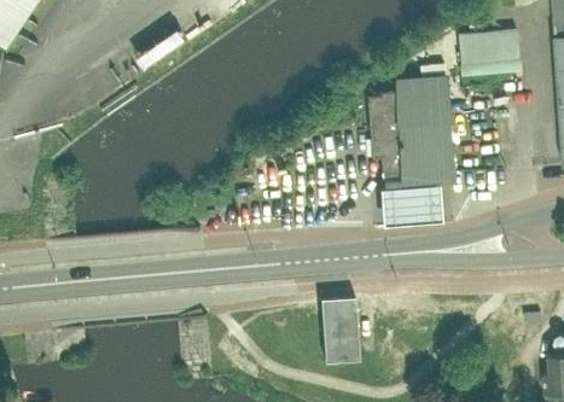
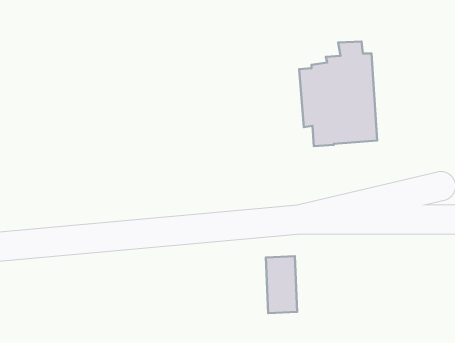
building: [465,30,527,76] -> none
building: [380,190,444,232] -> none

